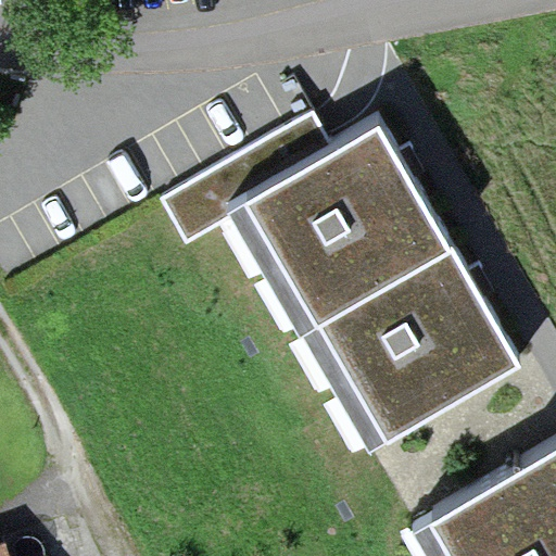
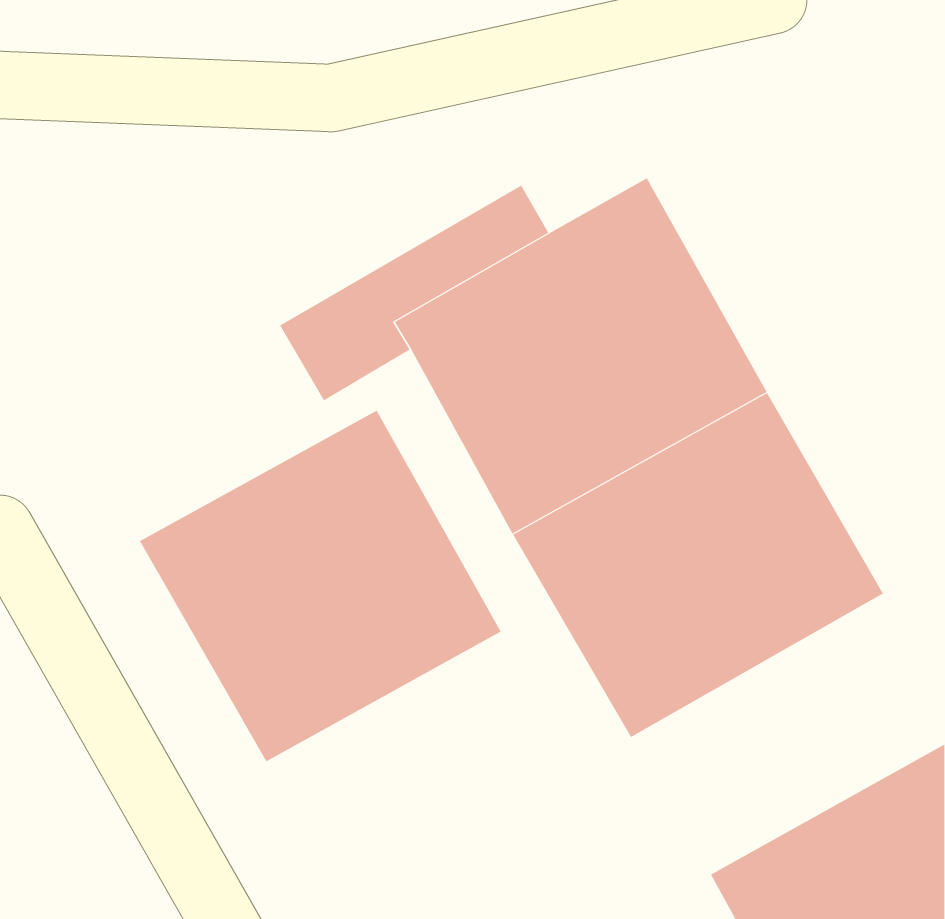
building: none -> [139,410,501,762]

